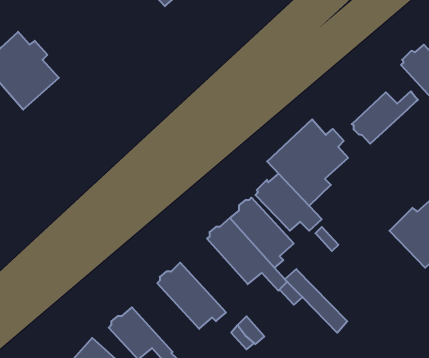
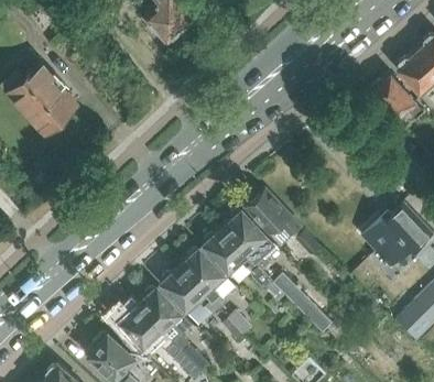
building: [352,91,418,144] -> none
building: [267,119,348,206] -> none
building: none -> [180,247,235,307]
building: none -> [138,285,193,341]

